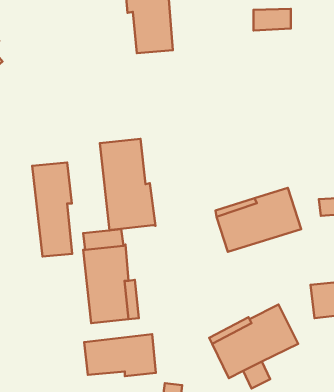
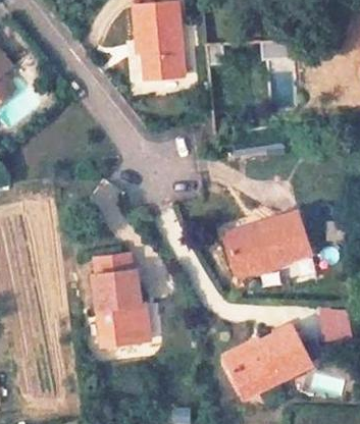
building: [100,139,156,230] -> none
building: [32,162,72,257] -> none
building: [84,334,156,376] -> none

